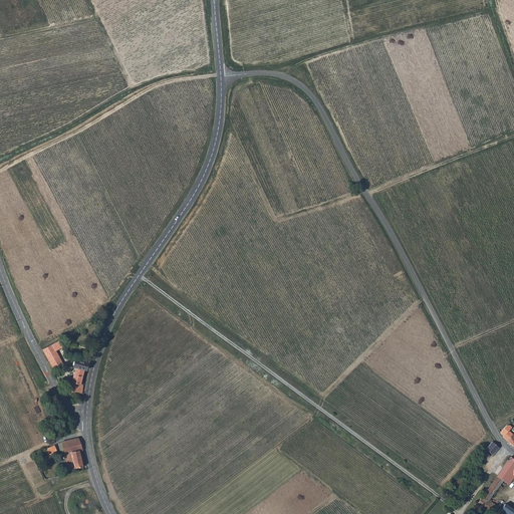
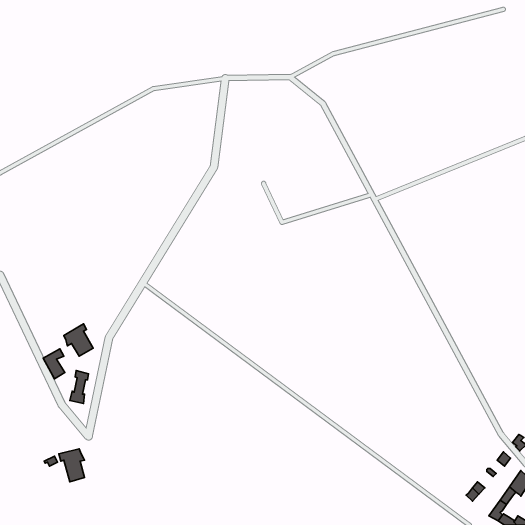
building: none -> [64,324,93,356]

